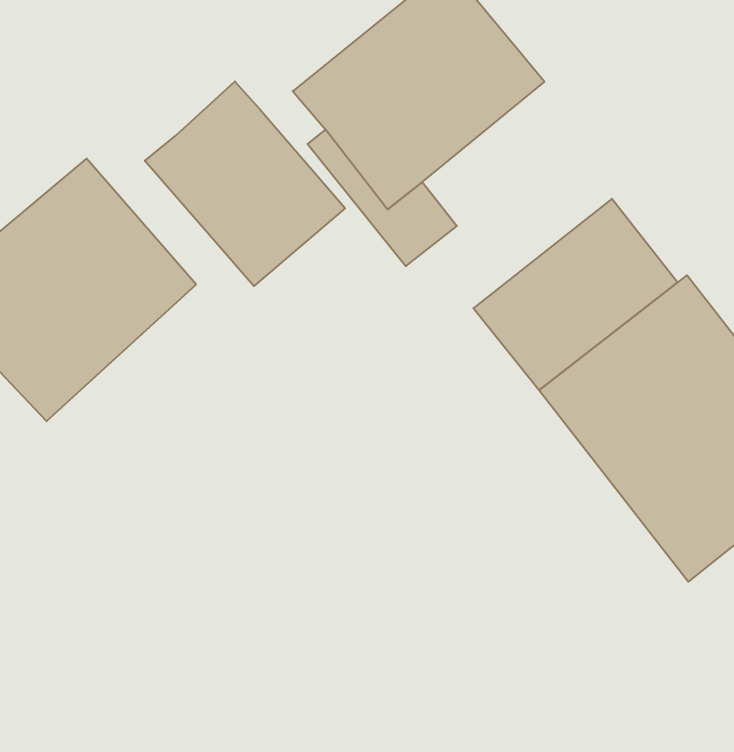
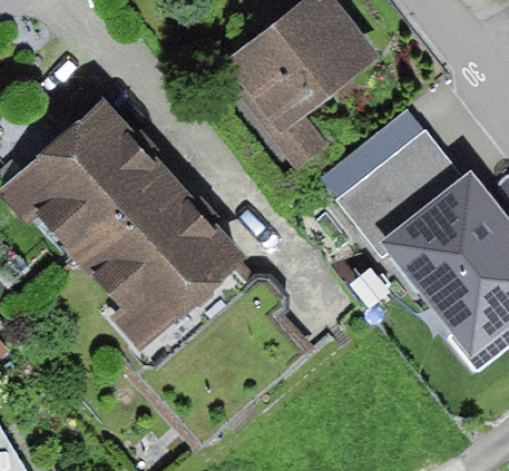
building: [145,81,345,286] -> none
building: none -> [78,178,248,357]

